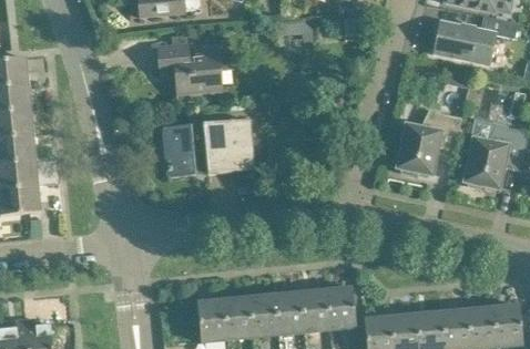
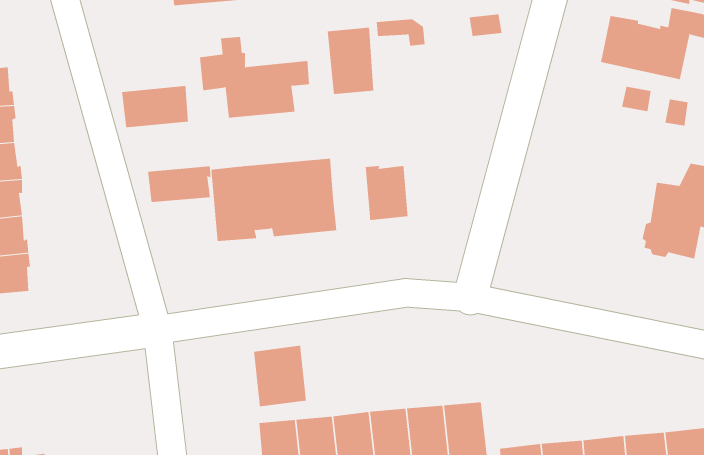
building: none -> [327,27,374,95]
building: none -> [121,85,188,128]
building: [395,110,461,174] -> none
building: none -> [365,165,408,221]
building: none -> [148,165,211,203]
building: none -> [253,345,307,407]

